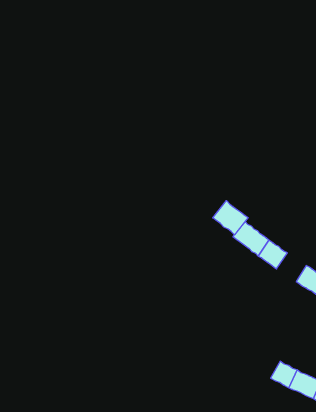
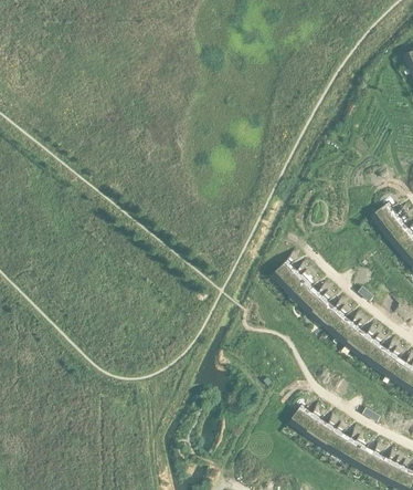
building: [213,201,248,235] -> none
building: none -> [311,298,341,327]

